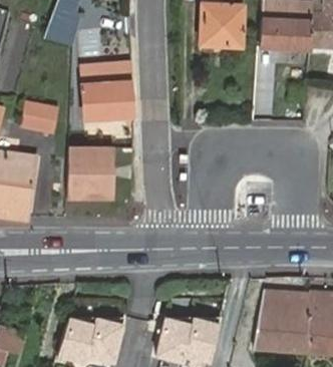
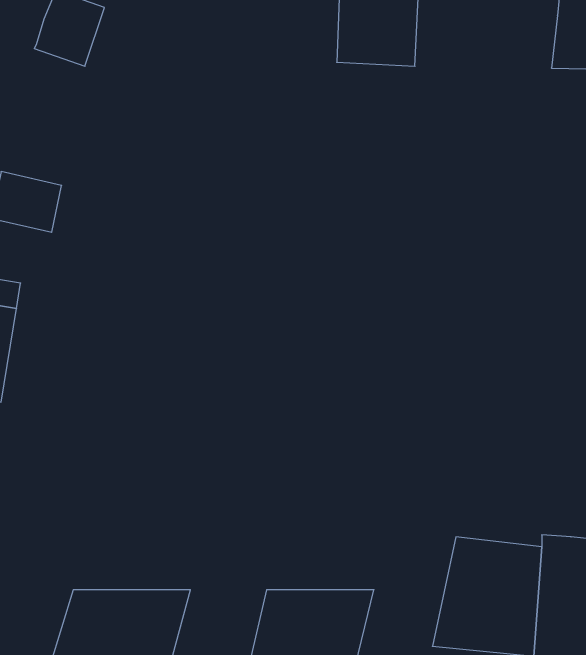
building: [260,20,314,49] -> none
building: [83,64,135,118] -> none
building: [69,149,116,201] -> none

